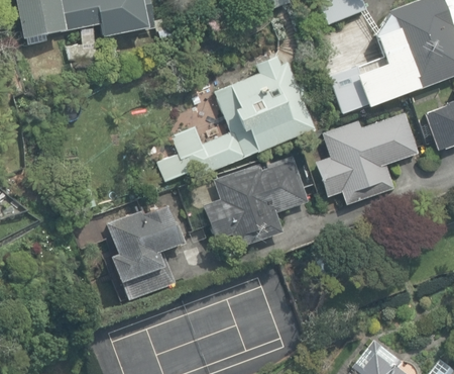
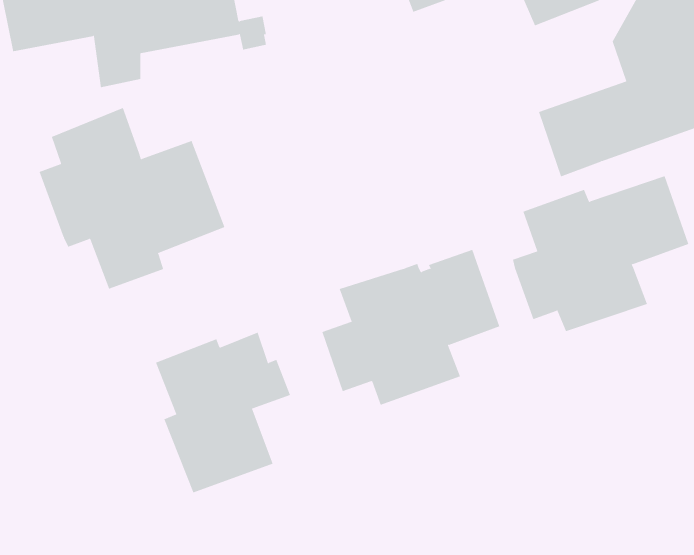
building: [158,55,315,182] -> none
building: none -> [39,107,225,290]

